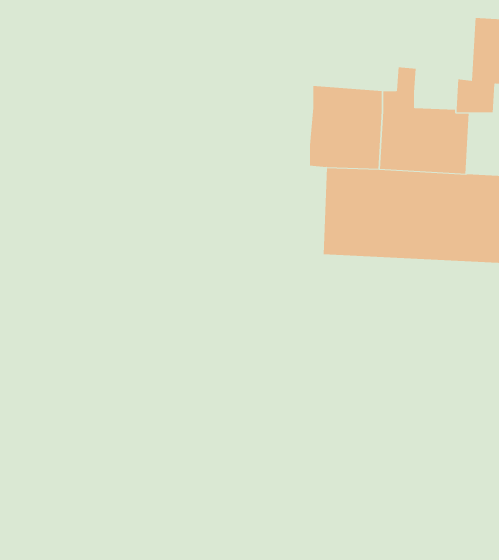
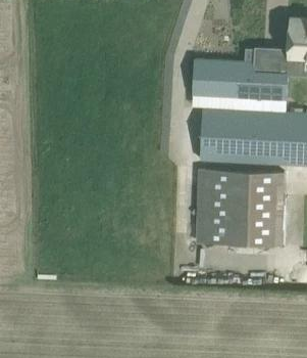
building: none -> [195,171,285,247]

